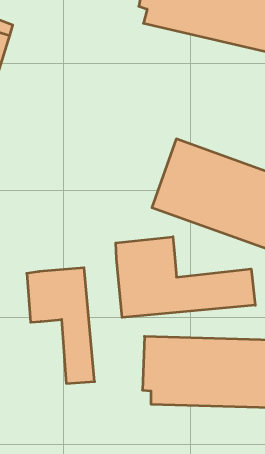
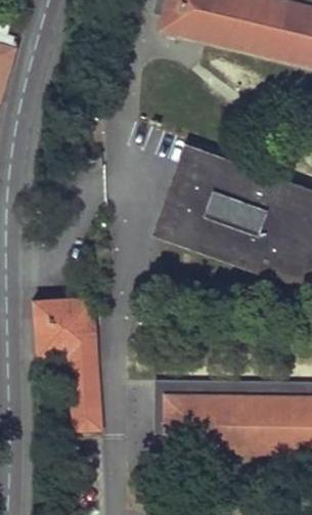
building: [116,237,255,317] -> none

